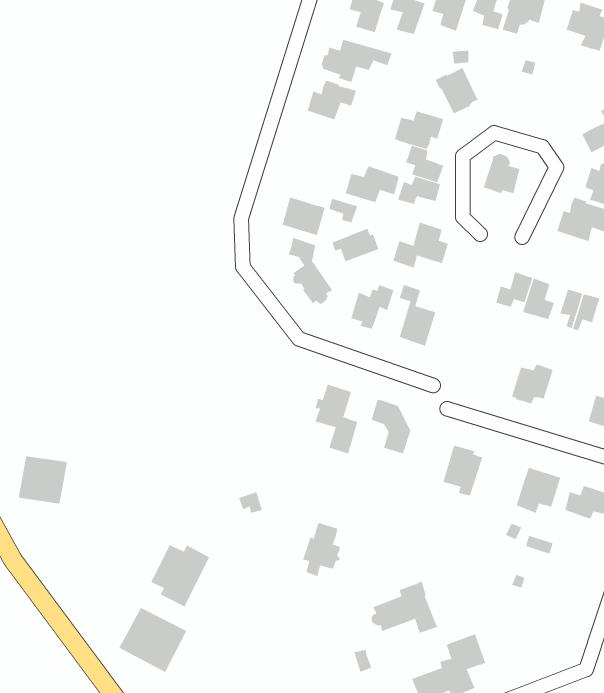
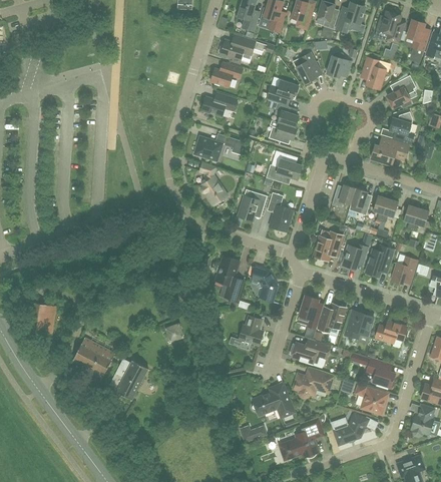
building: none -> [360,56,384,88]
building: [483,153,520,194] -> [326,50,350,76]
building: [345,165,399,203] -> [200,91,236,115]
building: [332,228,379,262] -> none
building: none -> [313,230,342,260]
building: none -> [364,245,393,276]
building: none -> [317,303,345,332]
building: none -> [289,339,329,365]
building: [302,522,341,577] -> [238,315,263,350]
building: none -> [366,358,394,389]
building: none -> [292,368,332,398]
building: none -> [355,385,387,412]
building: [119,607,187,673] -> [71,337,115,379]
building: none -> [333,413,367,444]

